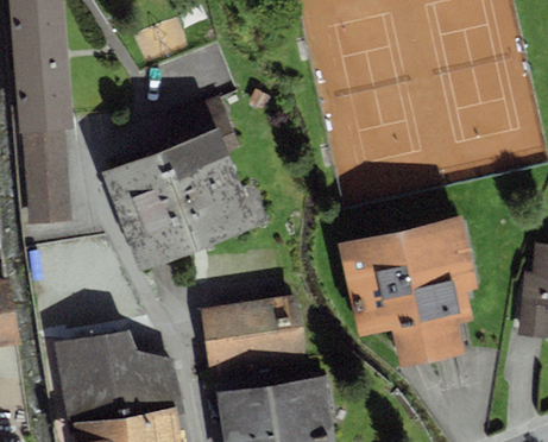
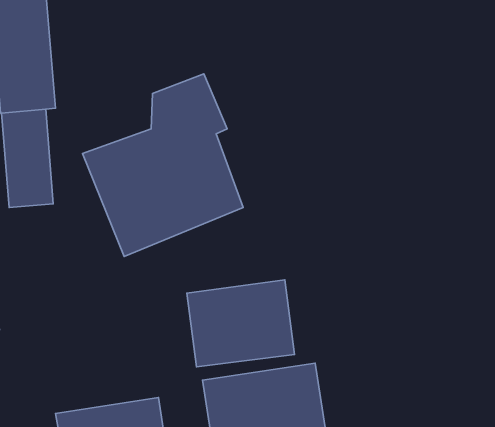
building: [335,215,477,368] -> none
building: [52,330,182,425] -> none

